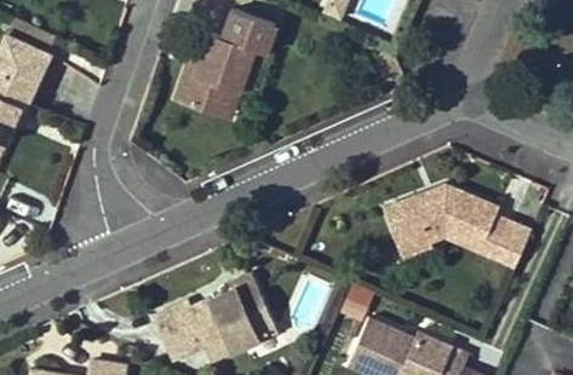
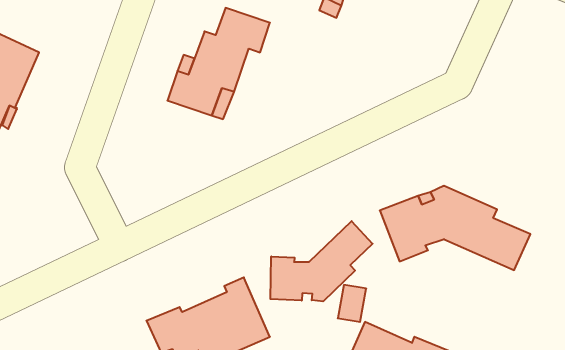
building: none -> [270,221,373,301]

